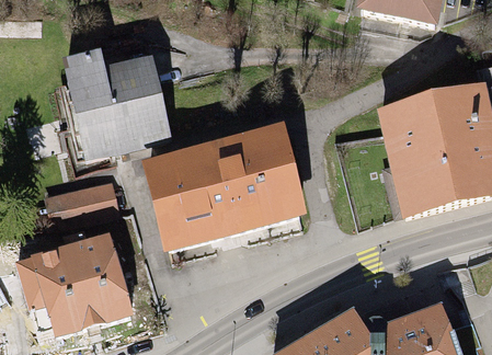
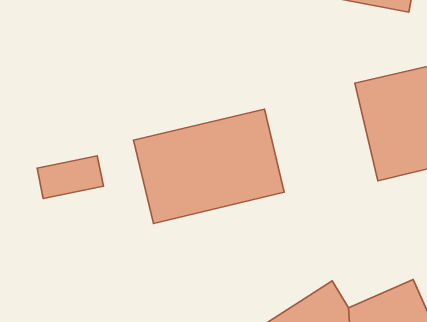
building: [65,55,170,157] -> none
building: [20,237,131,337] -> none

